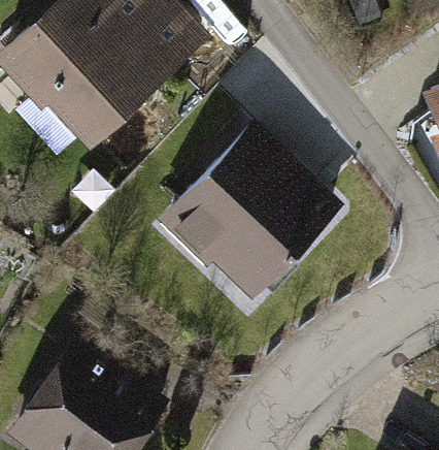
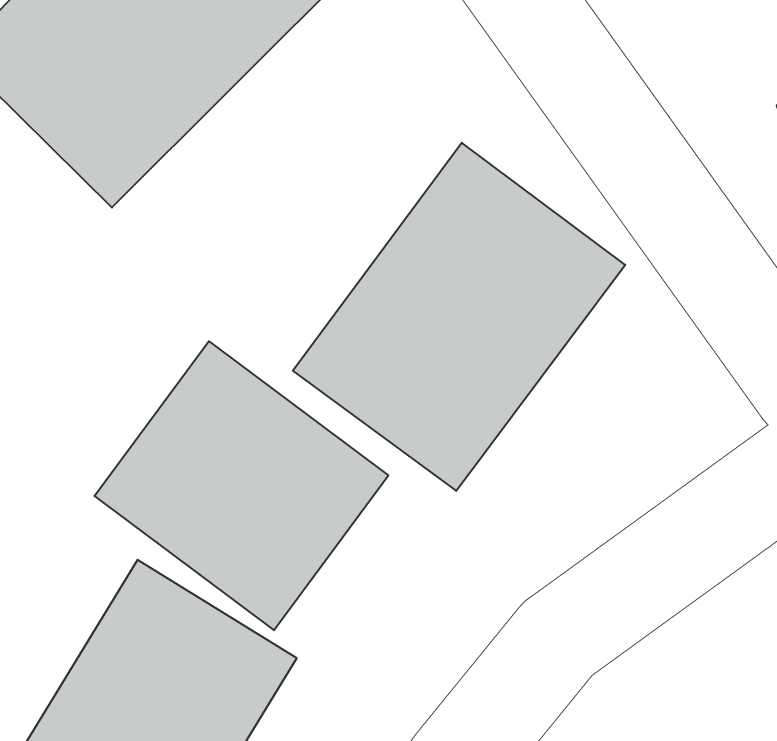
building: none -> [94,341,388,630]

